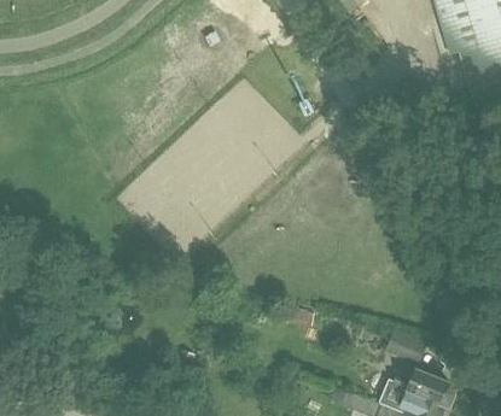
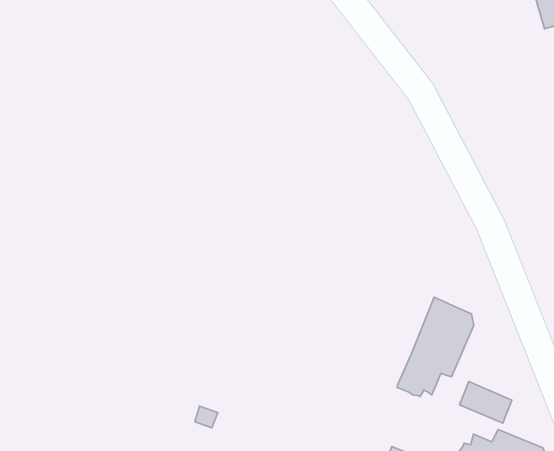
building: none -> [397,297,474,396]

